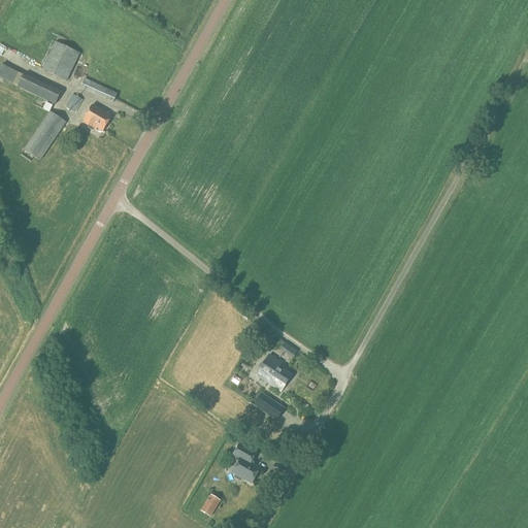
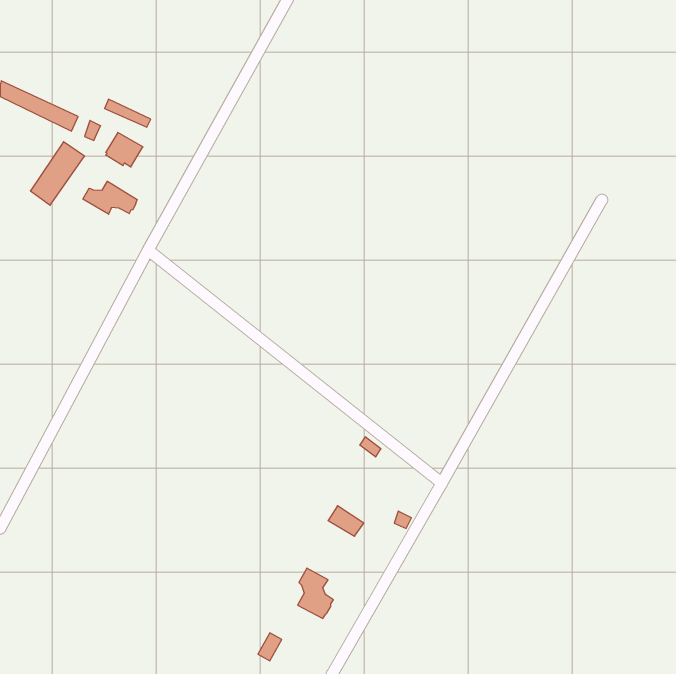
building: [42,41,78,79] -> none
building: none -> [83,181,137,214]
building: [256,353,291,390] -> none

